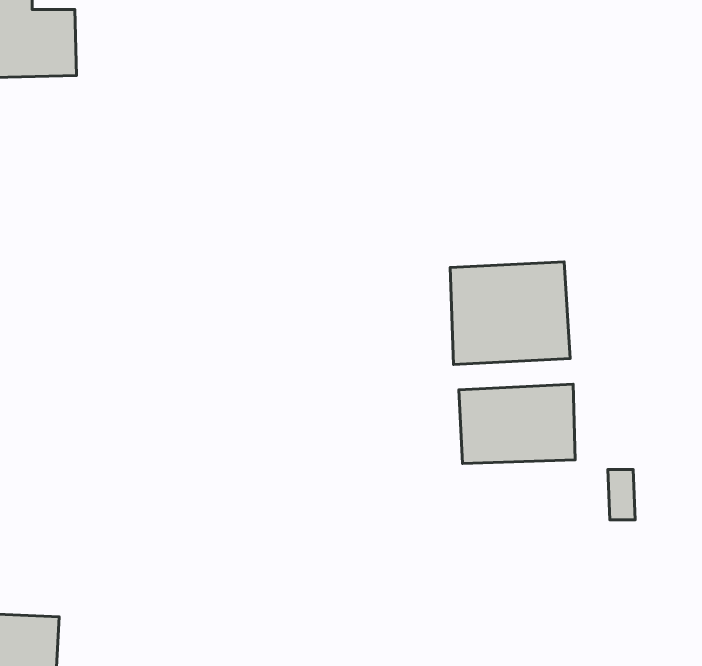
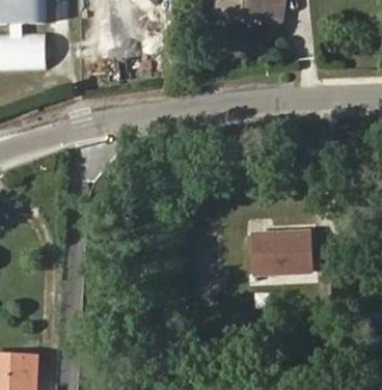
building: [450,262,570,364] -> none

